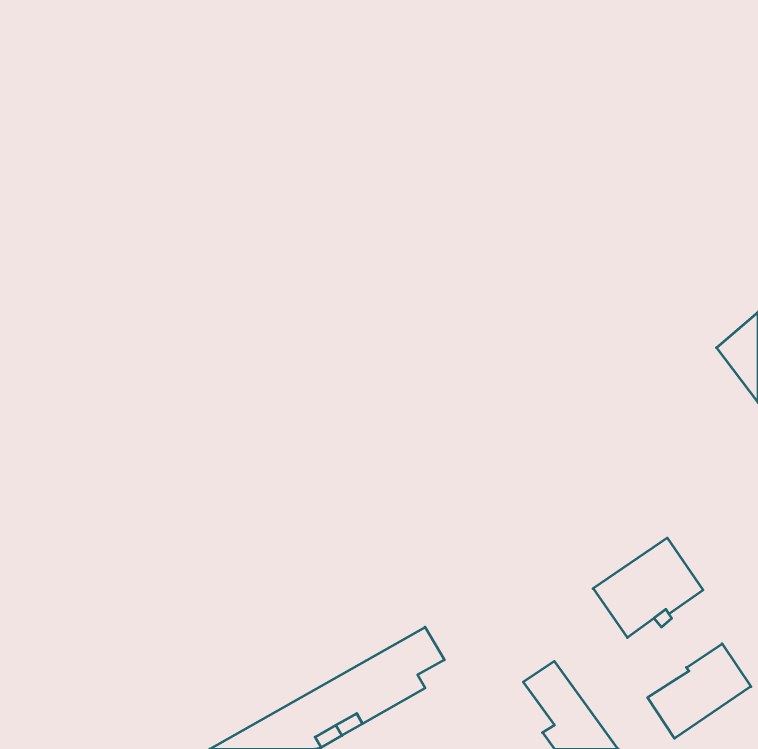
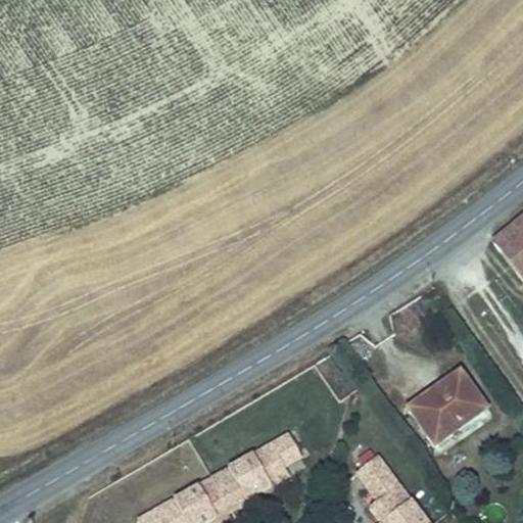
building: [648,644,751,738] -> none

